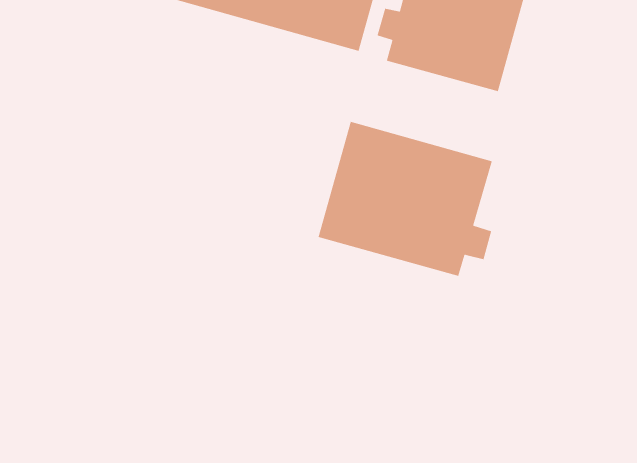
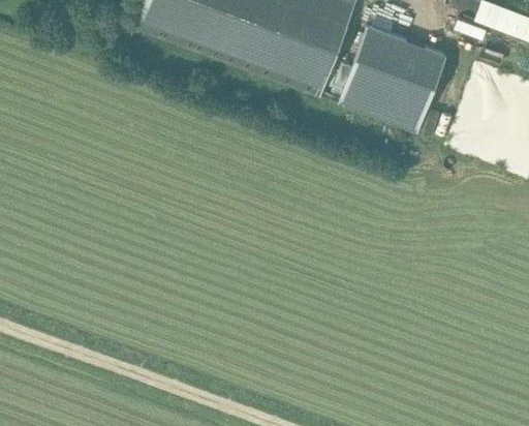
building: [318,121,493,277] -> none

